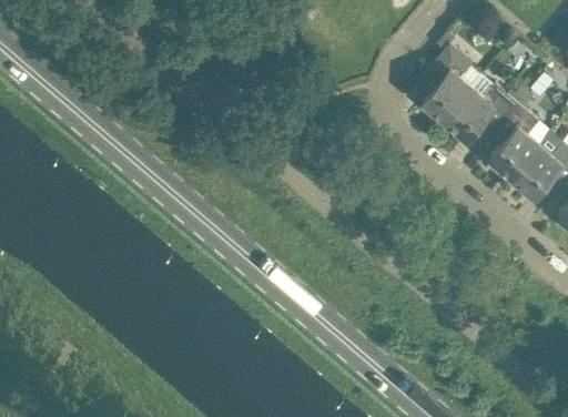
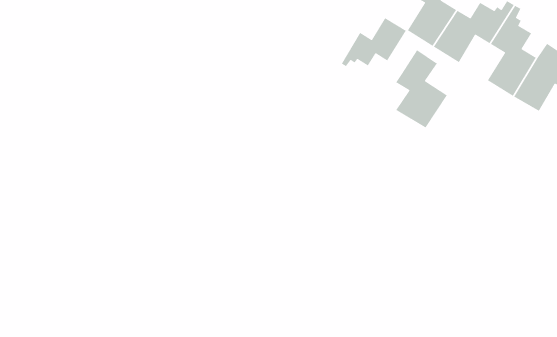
building: none -> [341,17,407,67]
building: none -> [395,49,448,129]

